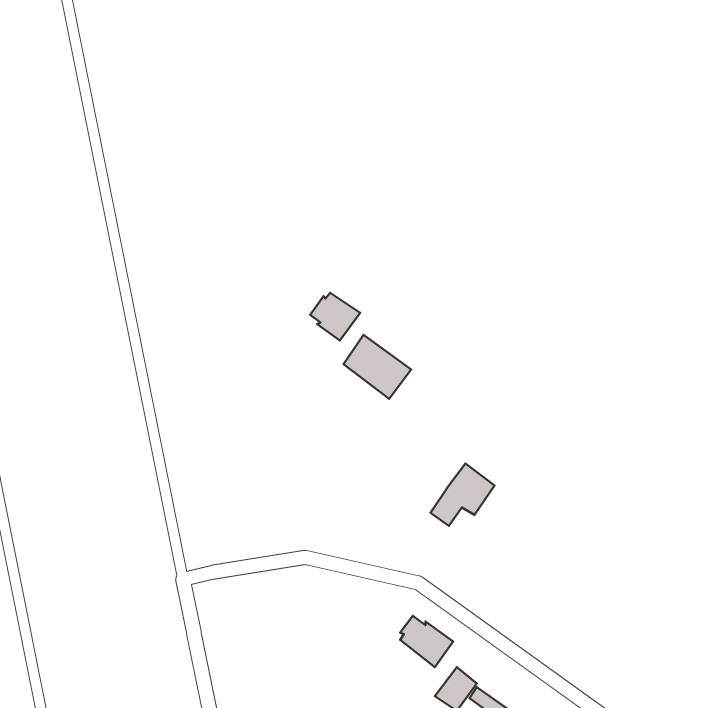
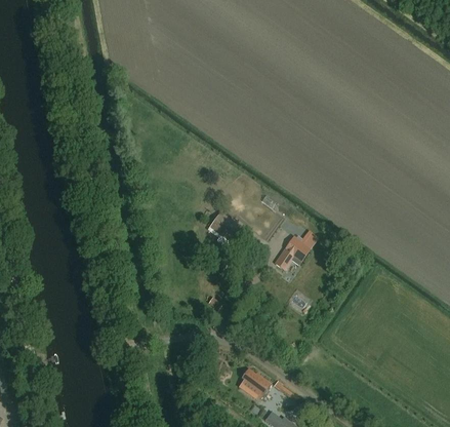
building: [310,293,360,340] -> none
building: [431,464,495,526] -> [273,236,309,271]

